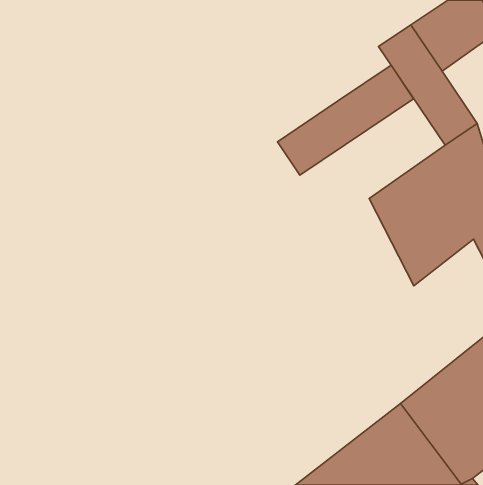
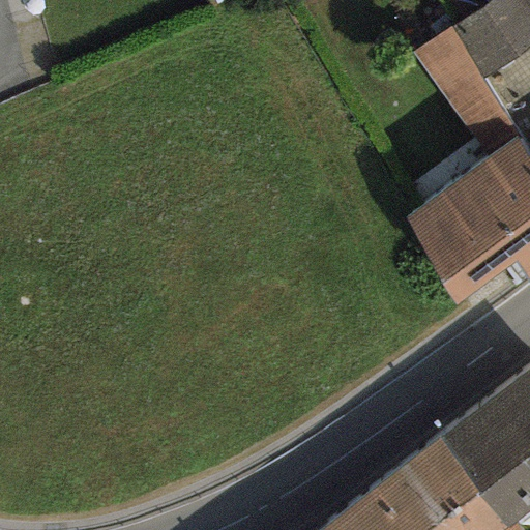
building: [278,65,414,175] -> none

